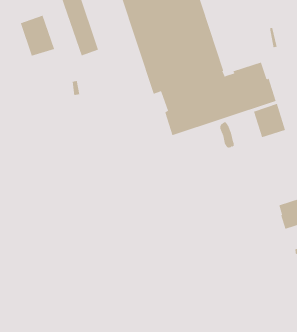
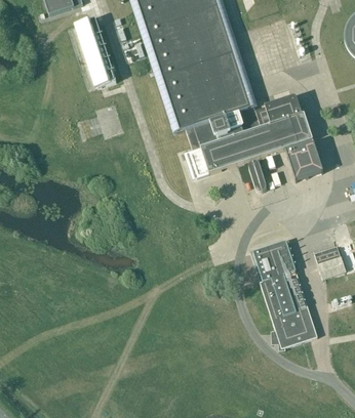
building: [20,15,55,56] -> none
building: none -> [253,240,316,347]

